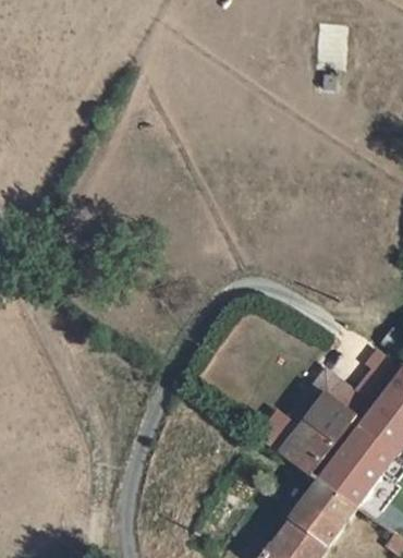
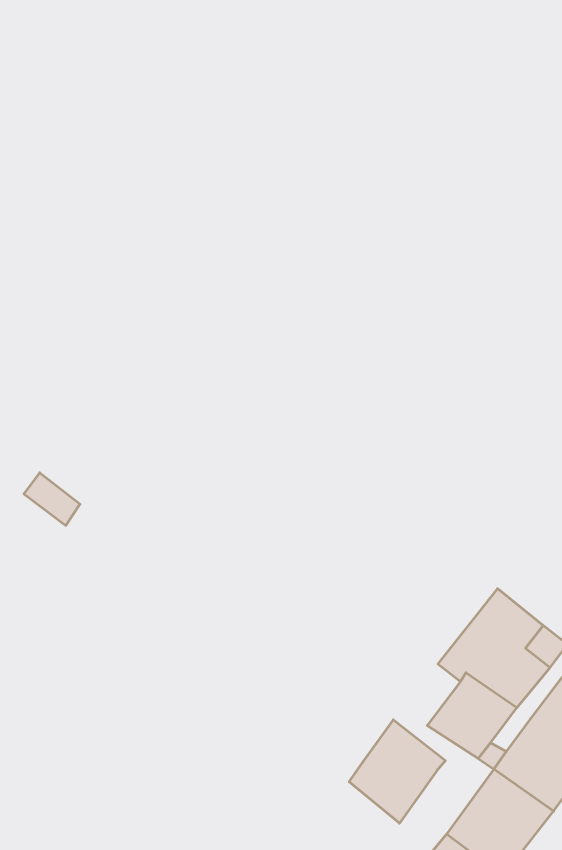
building: none -> [349,720,445,823]

